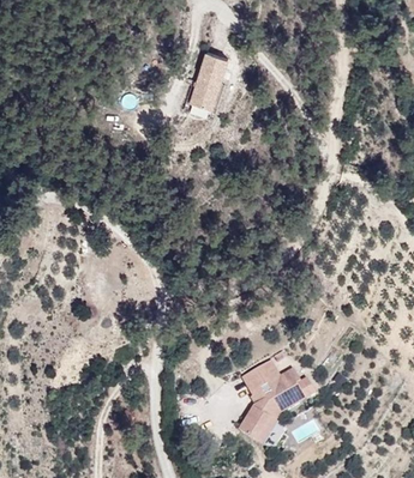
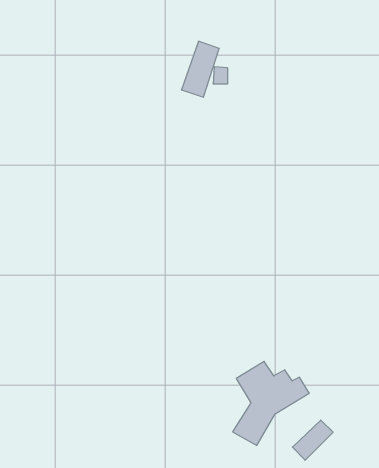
building: none -> [292,420,333,460]

